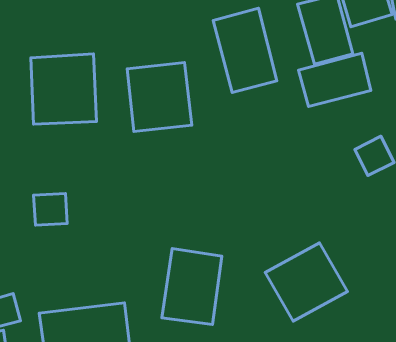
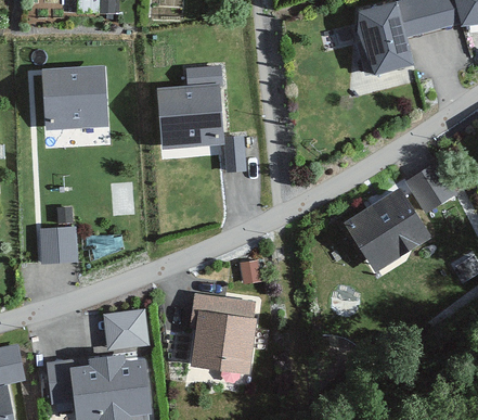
building: [213,8,277,92] -> none
building: [299,53,371,107] -> none
building: [265,243,347,321] -> [339,182,435,273]
building: none -> [104,310,150,351]

